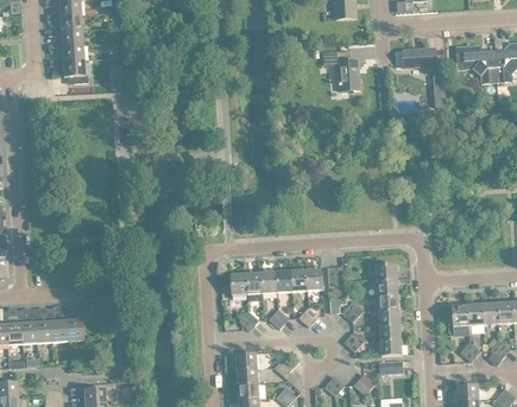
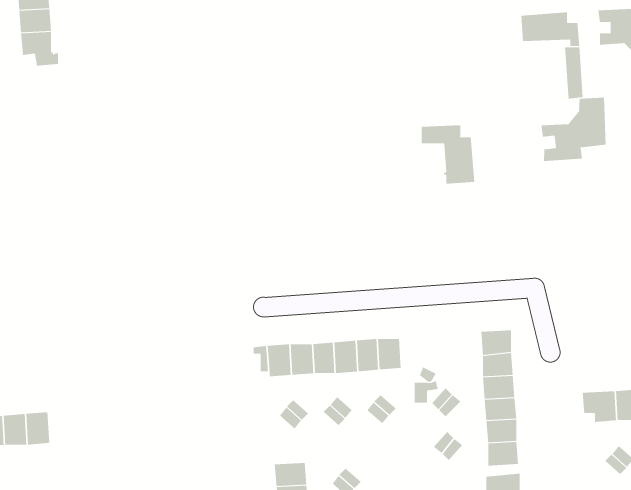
building: [323,50,360,90] -> [421,125,475,184]
building: none -> [541,97,606,162]

